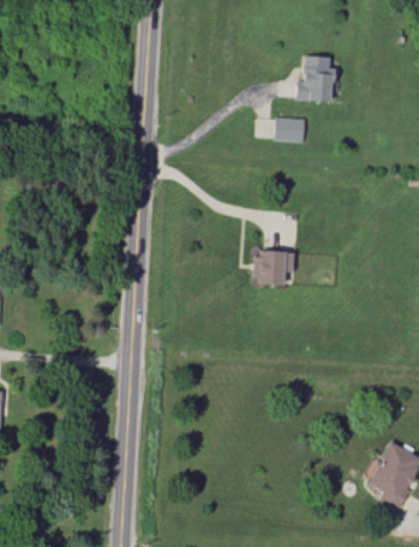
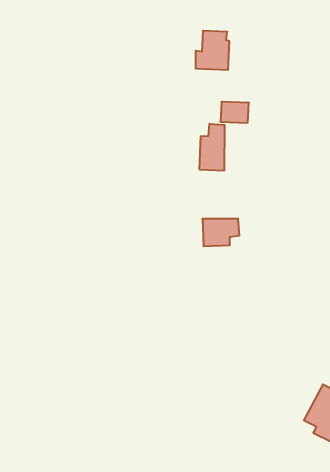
building: [295,56,334,100] -> [196,31,229,70]
building: none -> [200,124,225,171]

